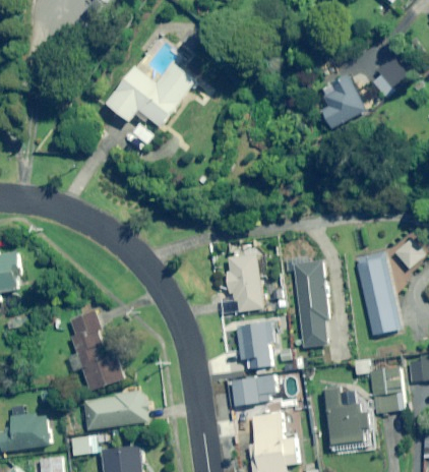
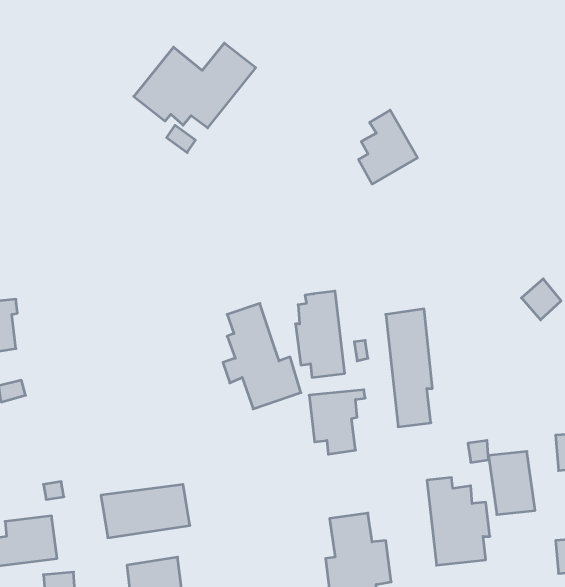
building: [368,51,415,97] -> none
building: [320,73,364,128] -> [359,110,417,184]
building: [355,254,400,335] -> none
building: [66,312,124,391] -> [223,303,301,409]
building: [231,377,267,406] -> none
building: [70,435,97,455] -> none

